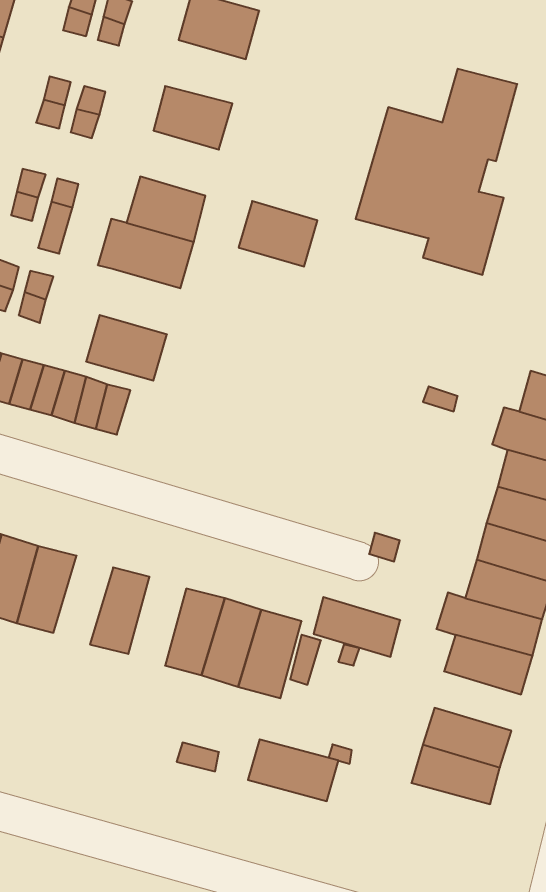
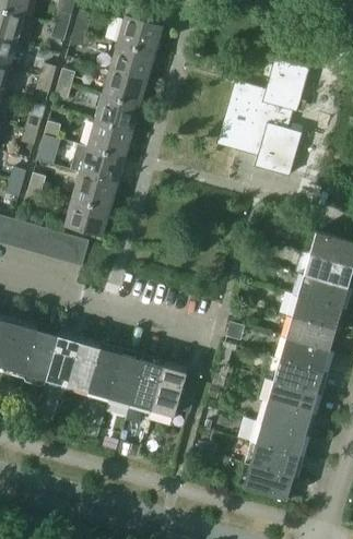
building: none -> [109,44,155,80]
building: [239,201,317,267] -> [95,95,140,132]
building: none -> [72,173,118,211]
building: none -> [46,336,80,386]
building: none -> [89,348,121,398]
building: [314,597,400,657] -> [262,402,311,435]
building: [248,739,338,801] -> [243,465,294,500]

